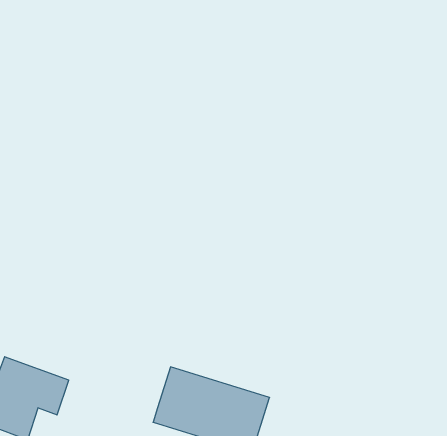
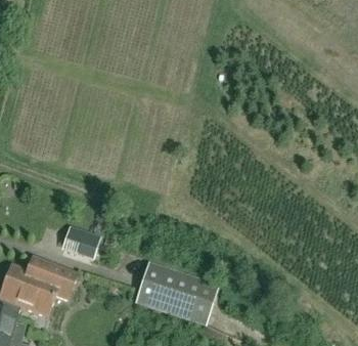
building: none -> [63,227,99,254]

